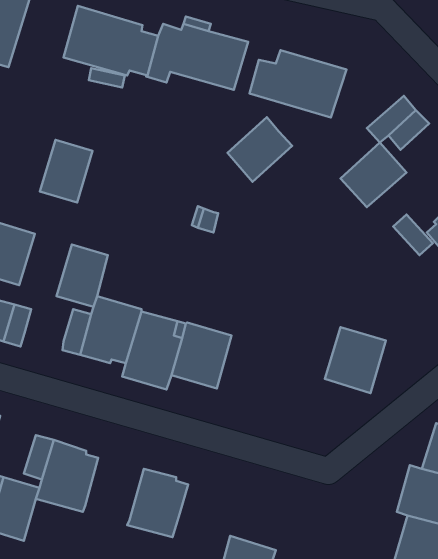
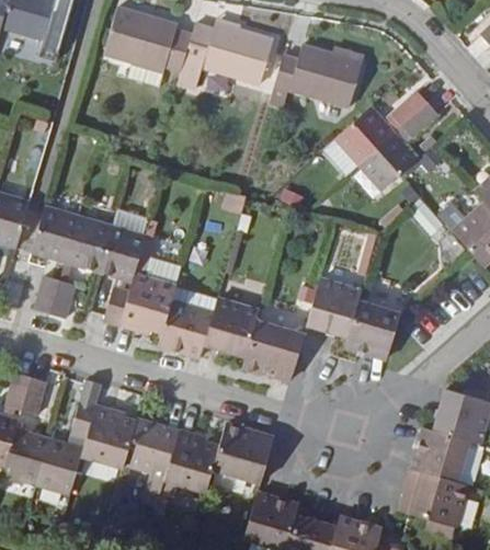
building: [227,117,292,182] -> [335,105,395,164]
building: [40,140,93,202] -> [65,215,113,272]
building: none -> [307,277,362,336]
building: none -> [243,320,305,379]
building: none -> [125,417,179,477]
building: none -> [212,422,274,484]

